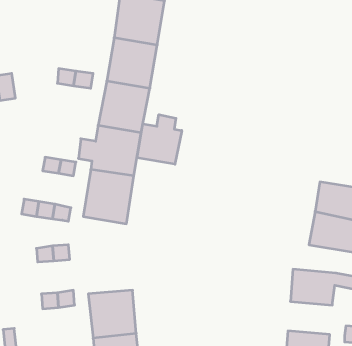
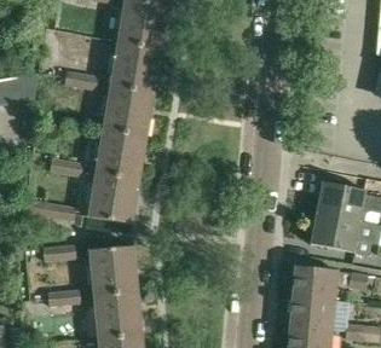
building: [137,115,182,164] -> none
building: none -> [90,245,137,292]
building: none -> [289,300,333,332]

